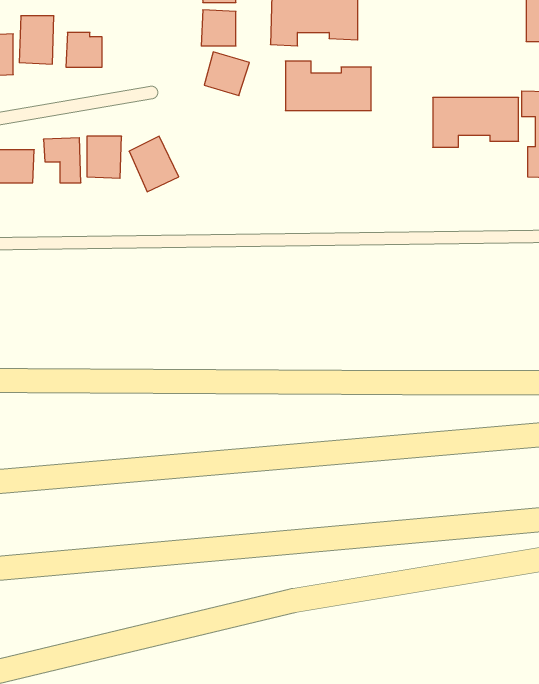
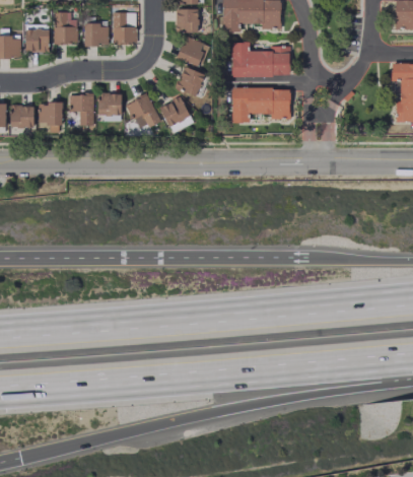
building: none -> [113,12,137,45]
building: none -> [177,67,205,95]
building: [433,98,519,147] -> [232,88,290,122]
building: none -> [161,97,192,132]

